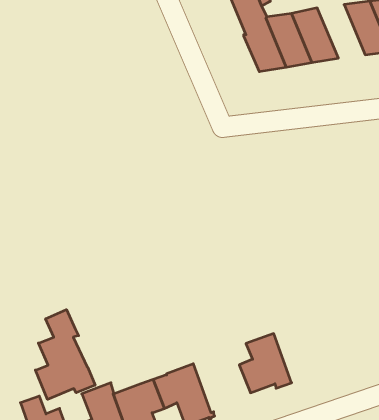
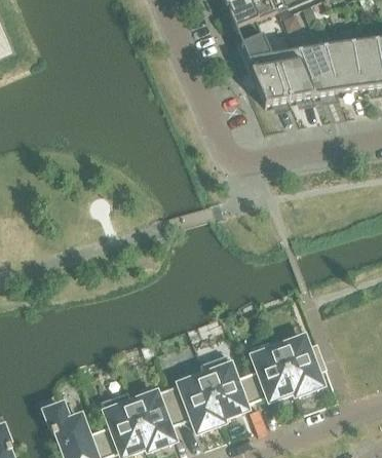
building: none -> [318,41,362,90]
building: [35,310,95,399] -> none
building: none -> [278,335,322,392]
building: none -> [200,352,257,417]

